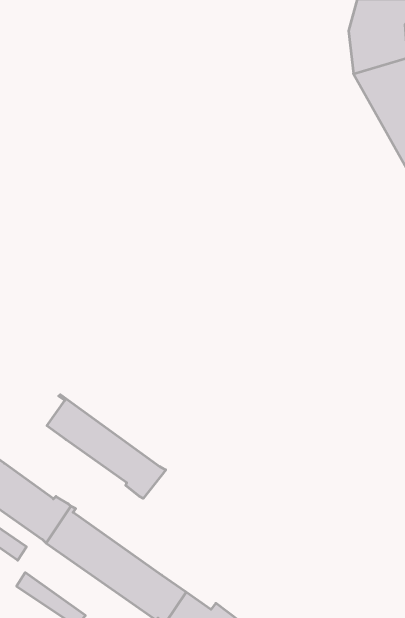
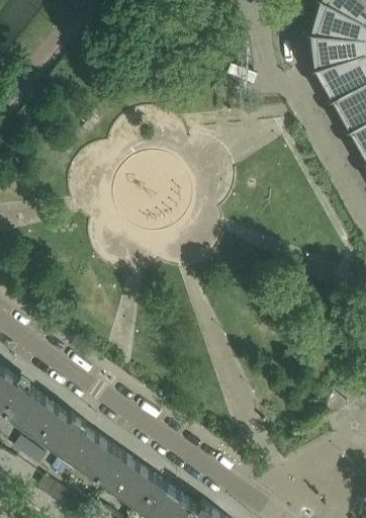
building: [47,395,166,498] -> none

